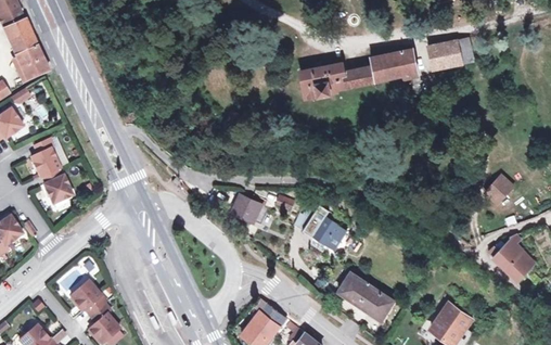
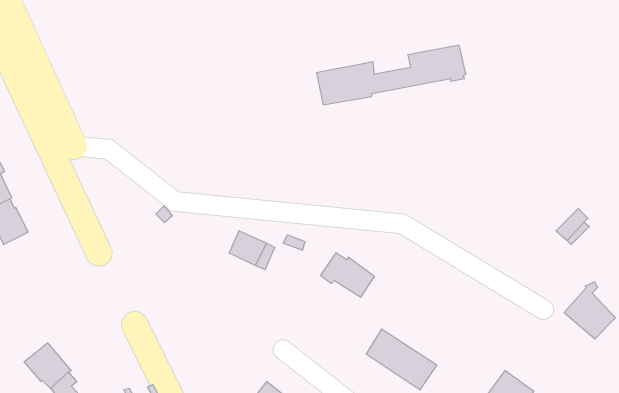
building: [426,38,462,71] -> none

